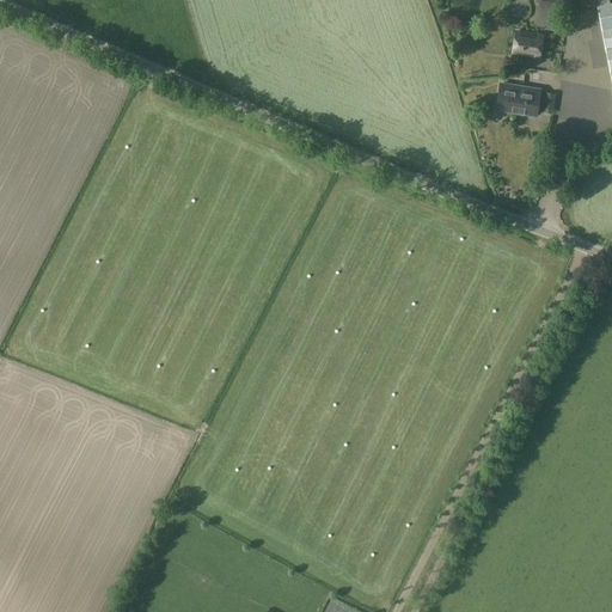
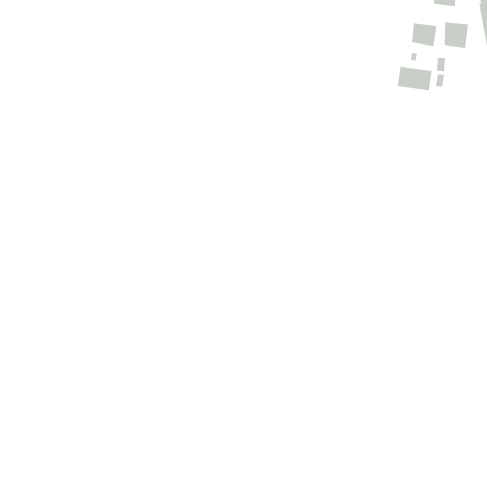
building: none -> [444,21,469,49]

